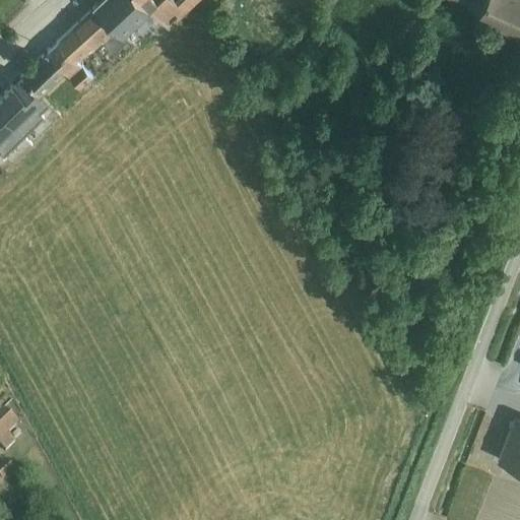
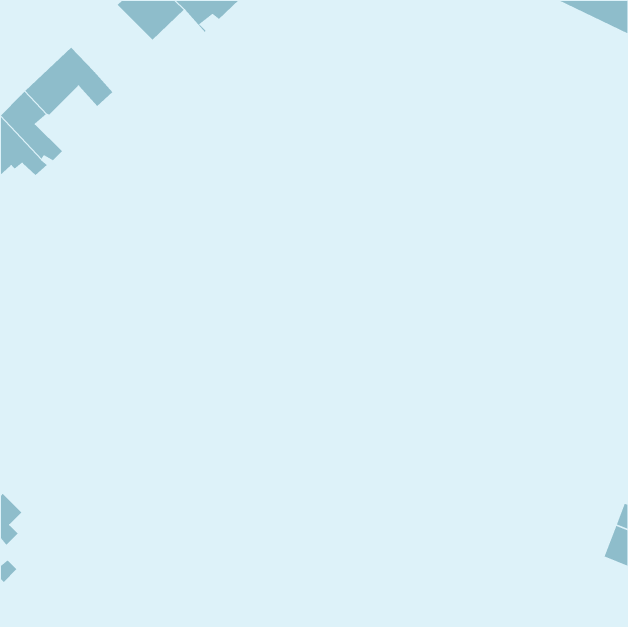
building: [59,5,131,60] -> none

